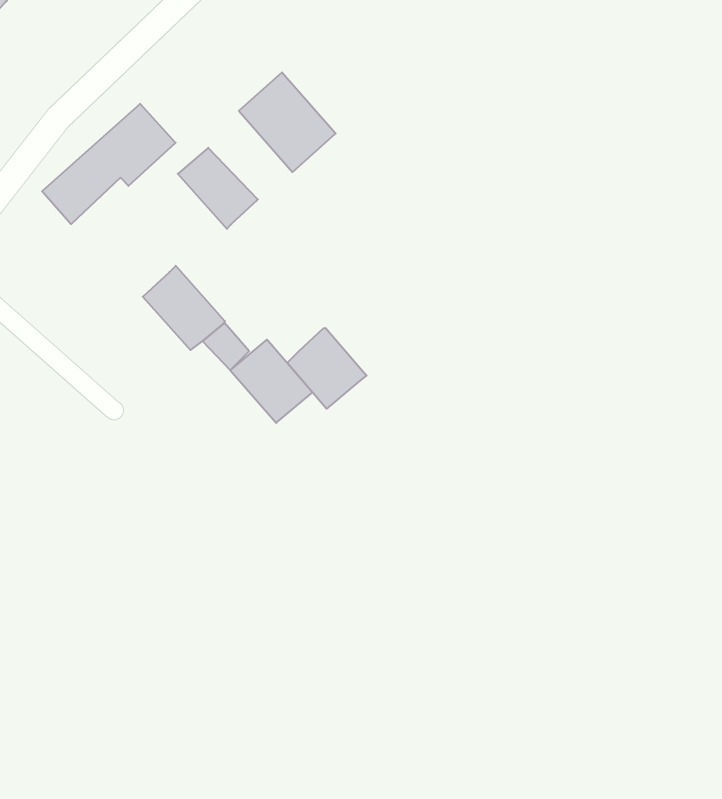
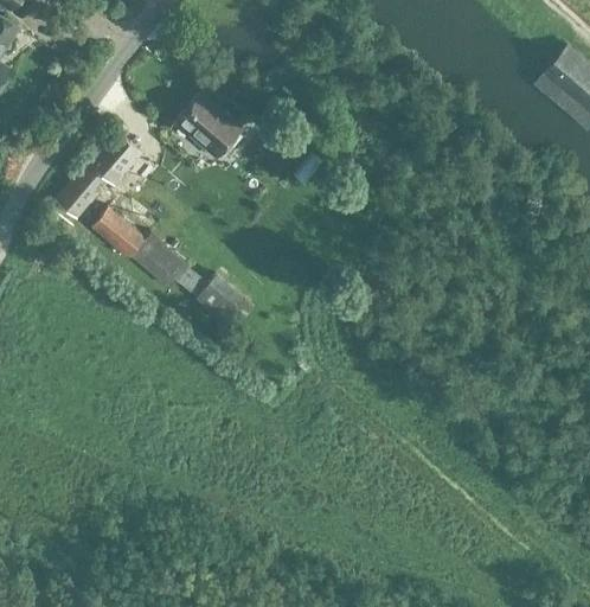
building: [178,148,258,229] -> [92,210,148,262]
building: [287,328,367,409] -> none

